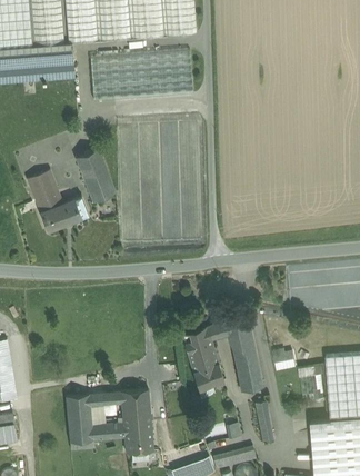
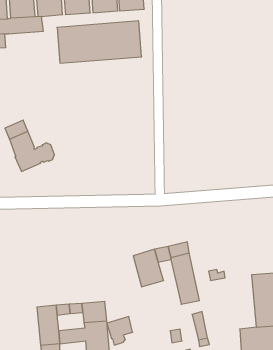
building: [31,60,74,82] -> none
building: [76,148,116,201] -> none
building: [192,363,223,397] -> [107,317,133,345]

